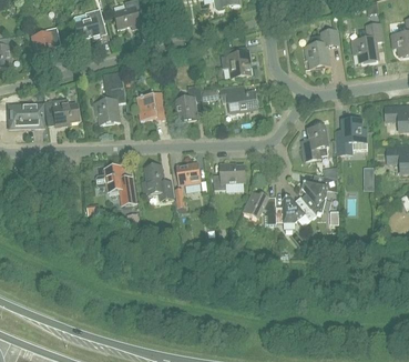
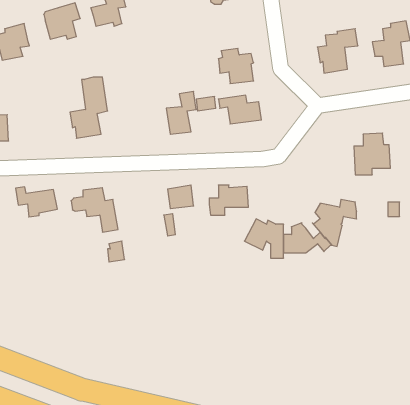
building: [136,91,165,120] -> none
building: [43,100,79,125] -> [16,187,57,217]
building: [301,128,328,160] -> none
building: [142,167,173,199] -> none

